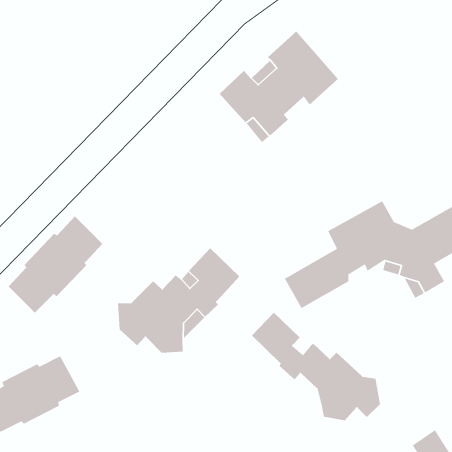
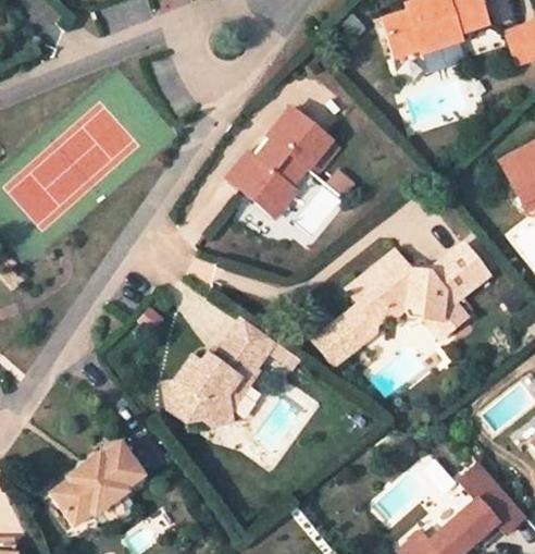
building: [8,216,103,313] -> none
building: [251,312,381,421] -> none

